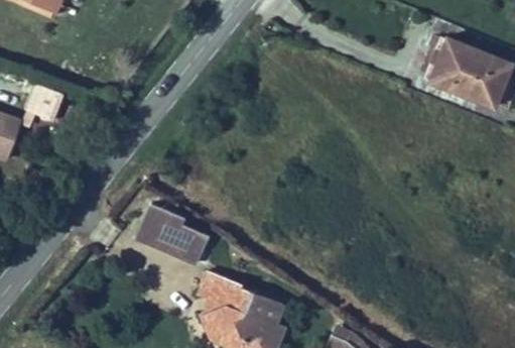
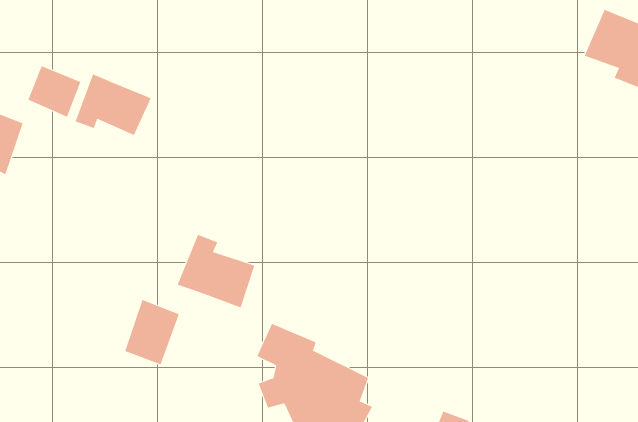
building: none -> [75,73,152,136]
building: none -> [125,299,179,365]

